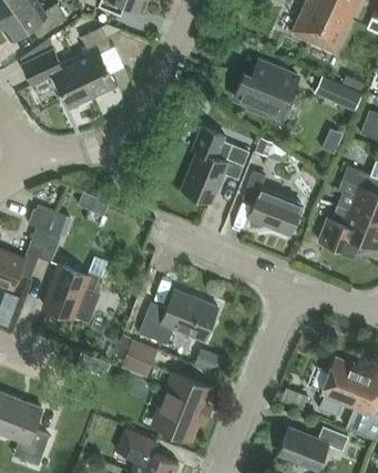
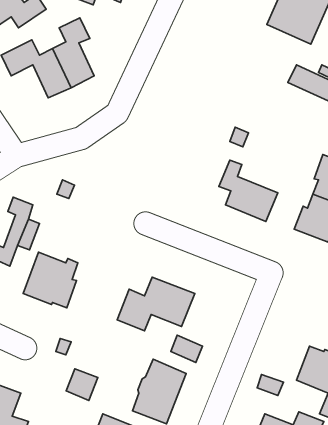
building: [234,61,297,119] -> none
building: [182,127,249,202] -> none
building: [123,342,155,374] -> [66,369,98,401]

